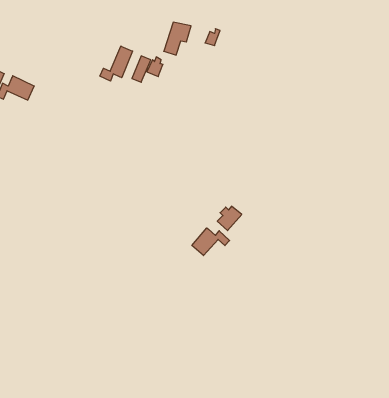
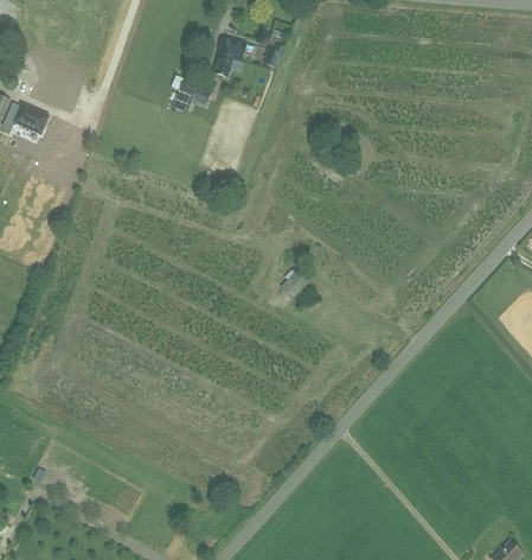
building: [100,46,133,81] -> none
building: [192,228,230,256] -> none

